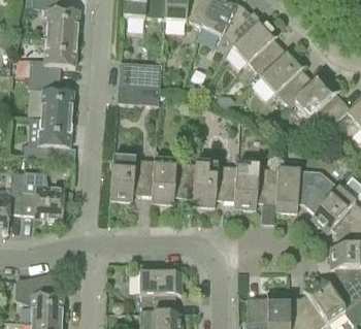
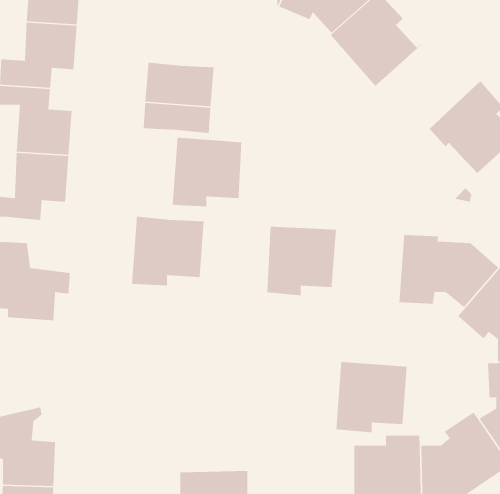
building: [260,50,325,106] -> none
building: [152,160,195,204] -> [172,137,242,209]
building: [233,165,277,210] -> [336,361,408,435]
building: [137,264,182,315] -> none

